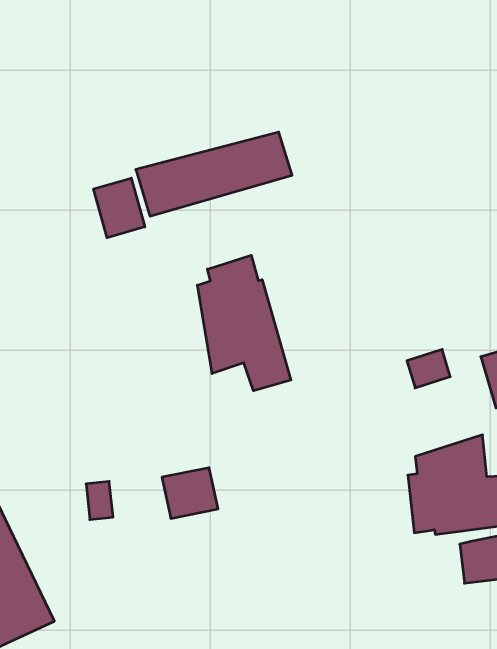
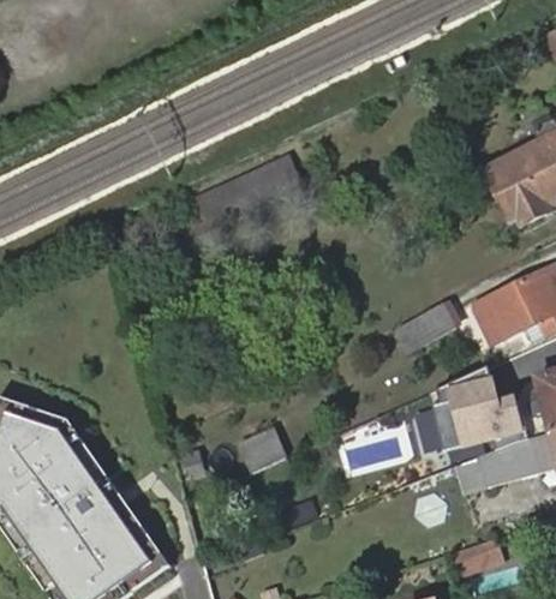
building: [94,178,145,238] -> none
building: [197,255,291,391] -> none

